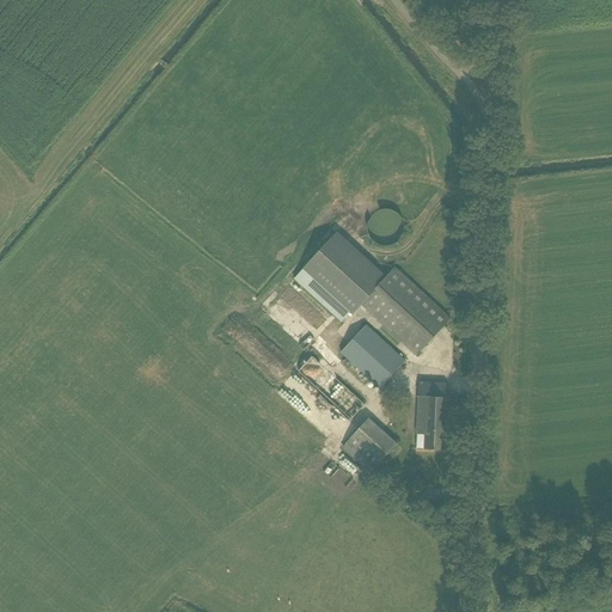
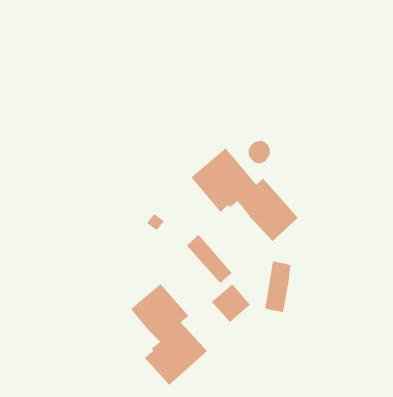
building: [342,323,405,386] -> none
building: none -> [130,283,208,386]

